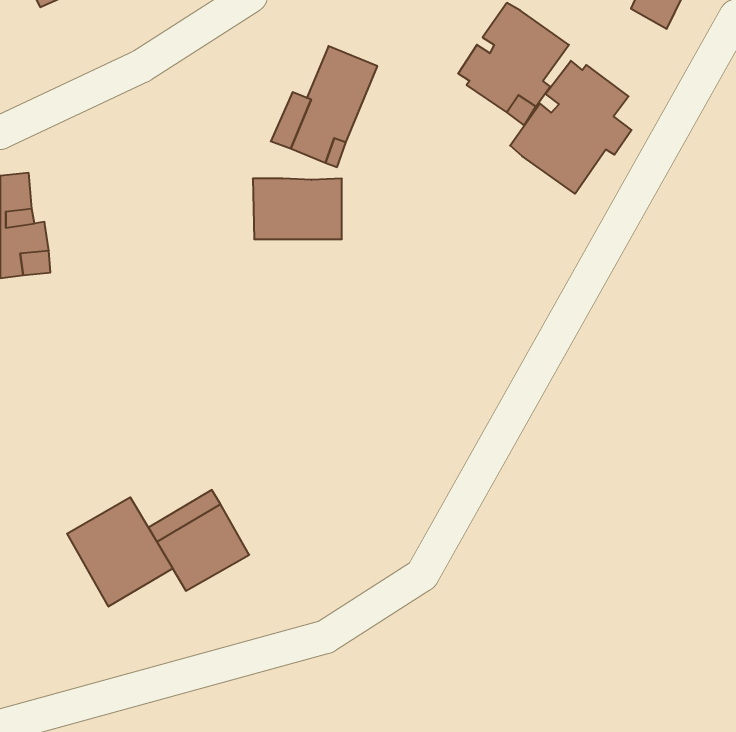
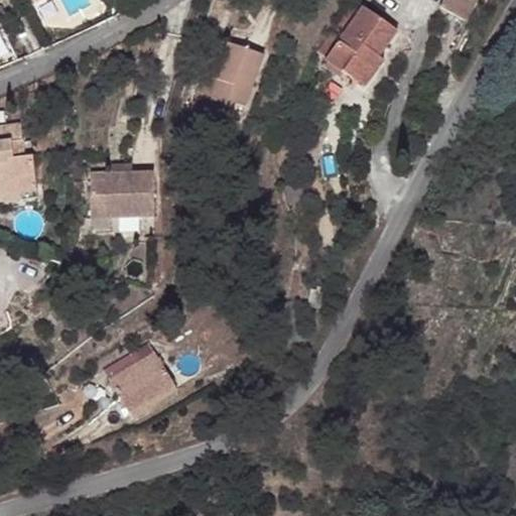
building: [510,61,632,194] -> none
building: [253,179,342,239] -> [91,169,153,212]
building: [67,497,173,607] -> none

